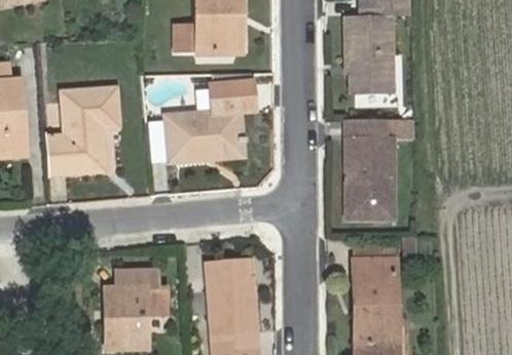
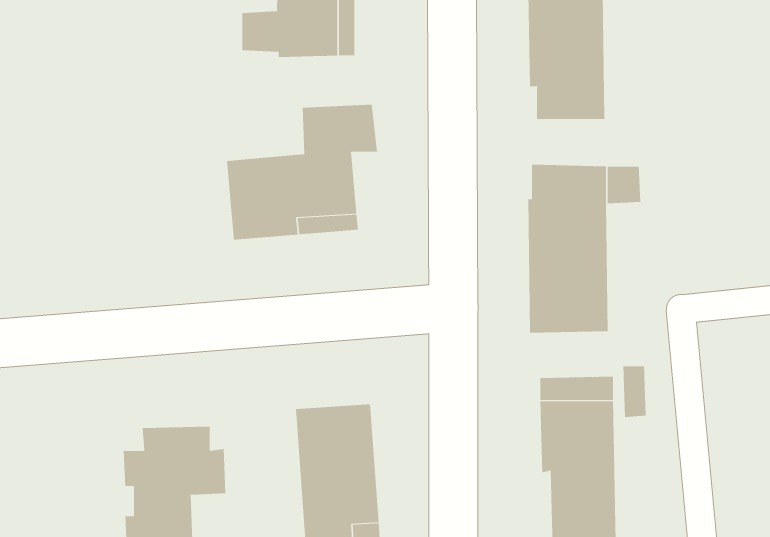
building: [46,87,120,174] -> none

